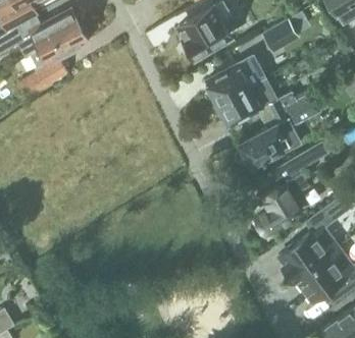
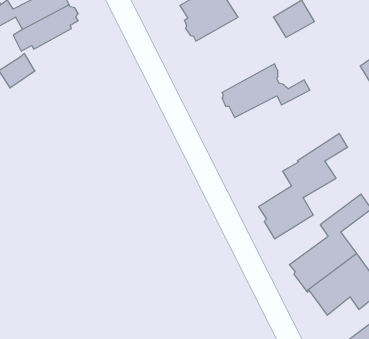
building: [205,56,264,104] -> none
building: [238,94,319,166] -> none

